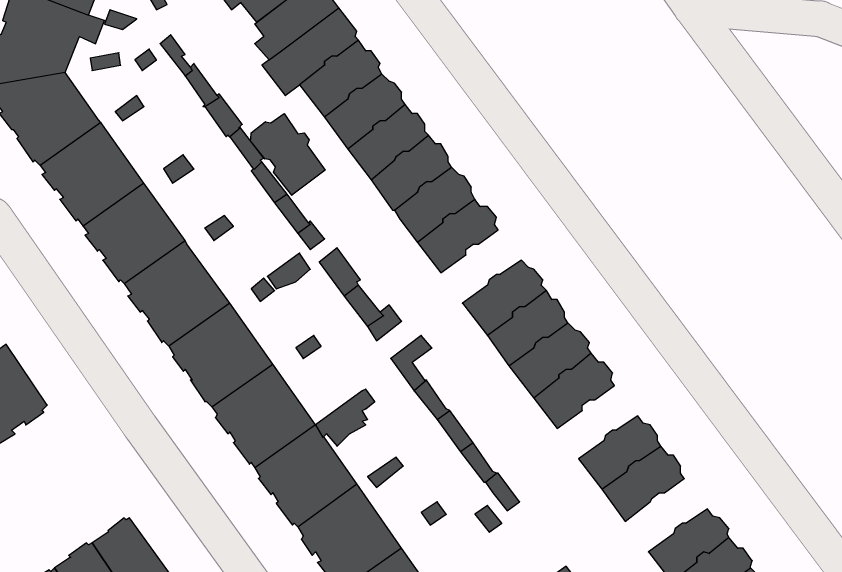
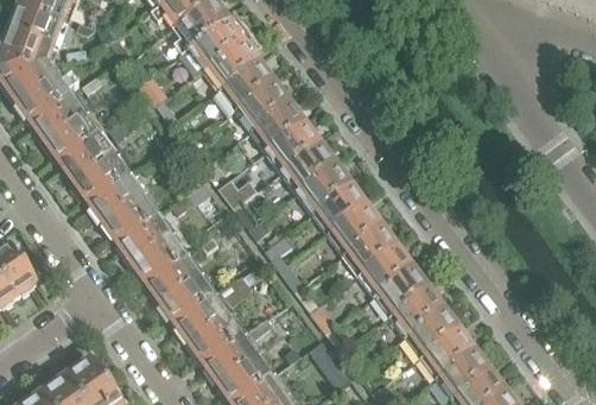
building: [250,114,325,195] -> none
building: none -> [299,165,353,214]
building: none -> [376,268,430,317]
building: none -> [421,330,476,379]

